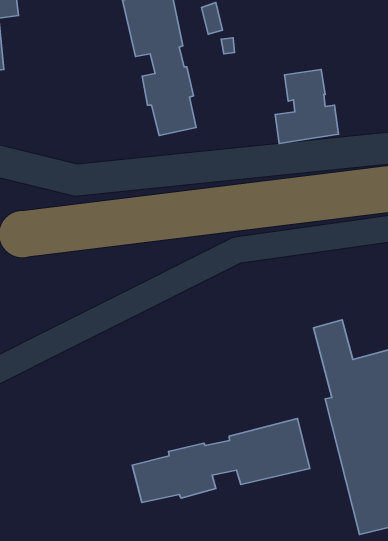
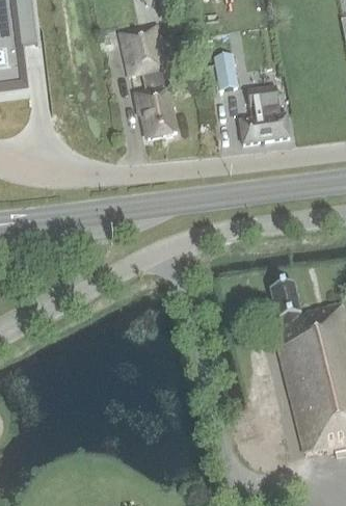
building: none -> [212,52,235,87]
building: [132,419,310,503] -> none

